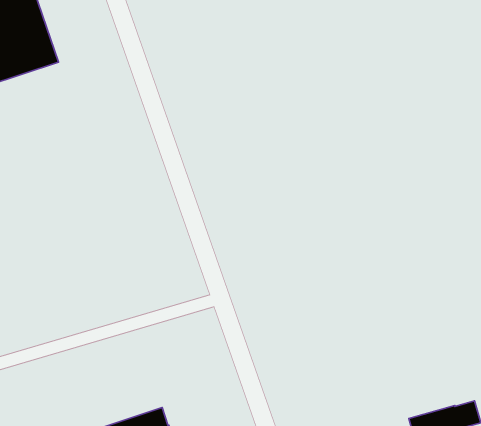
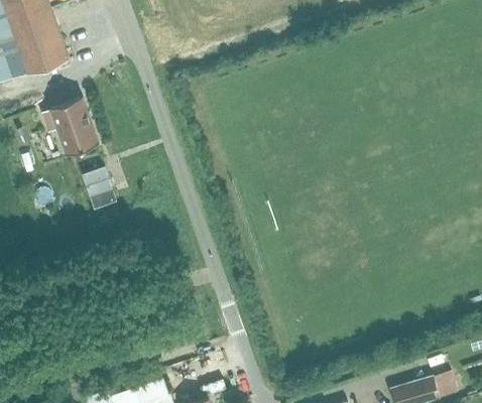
building: none -> [42,98,99,156]
building: none -> [82,167,117,209]

